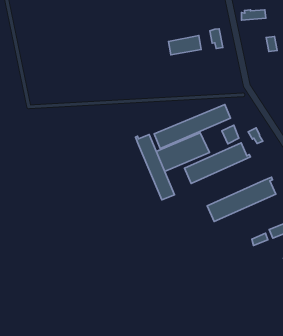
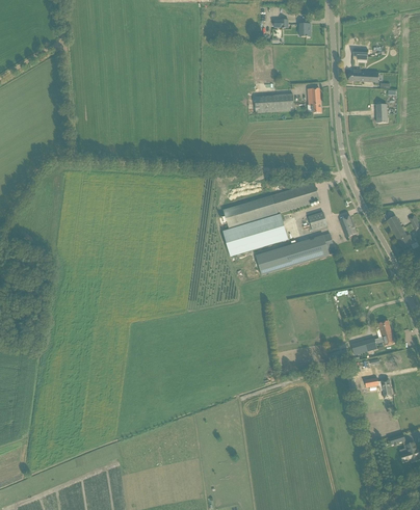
building: [135,134,174,200] -> none
building: [207,177,276,222] -> none

